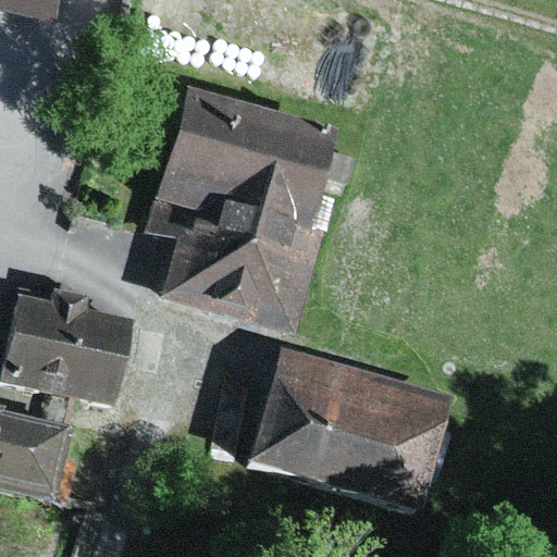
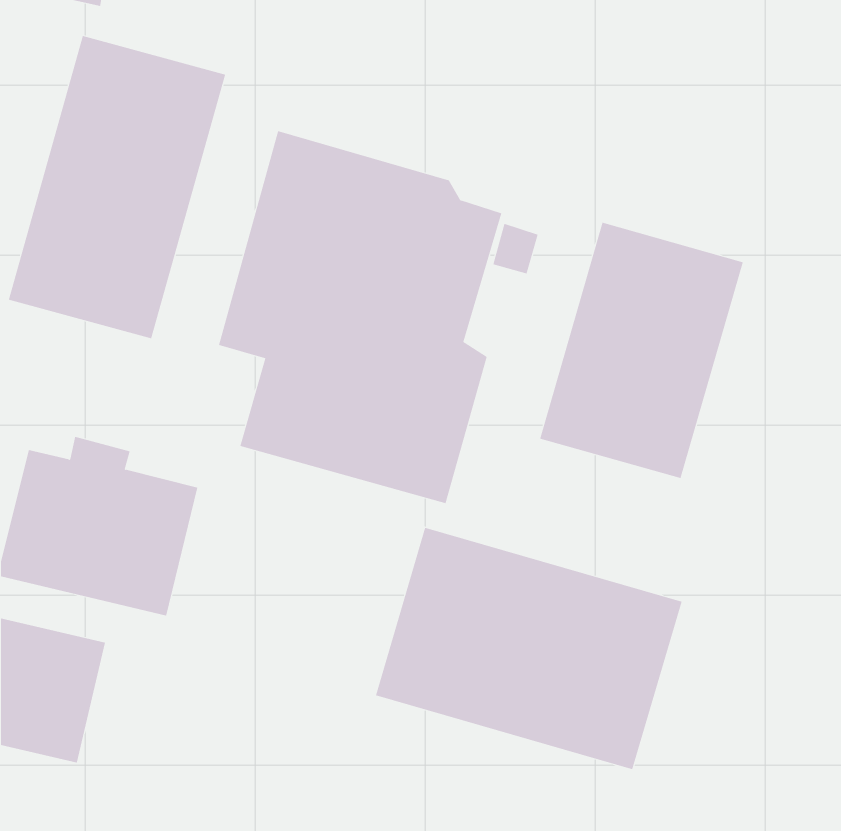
building: none -> [8,35,226,339]
building: none -> [539,222,743,479]

